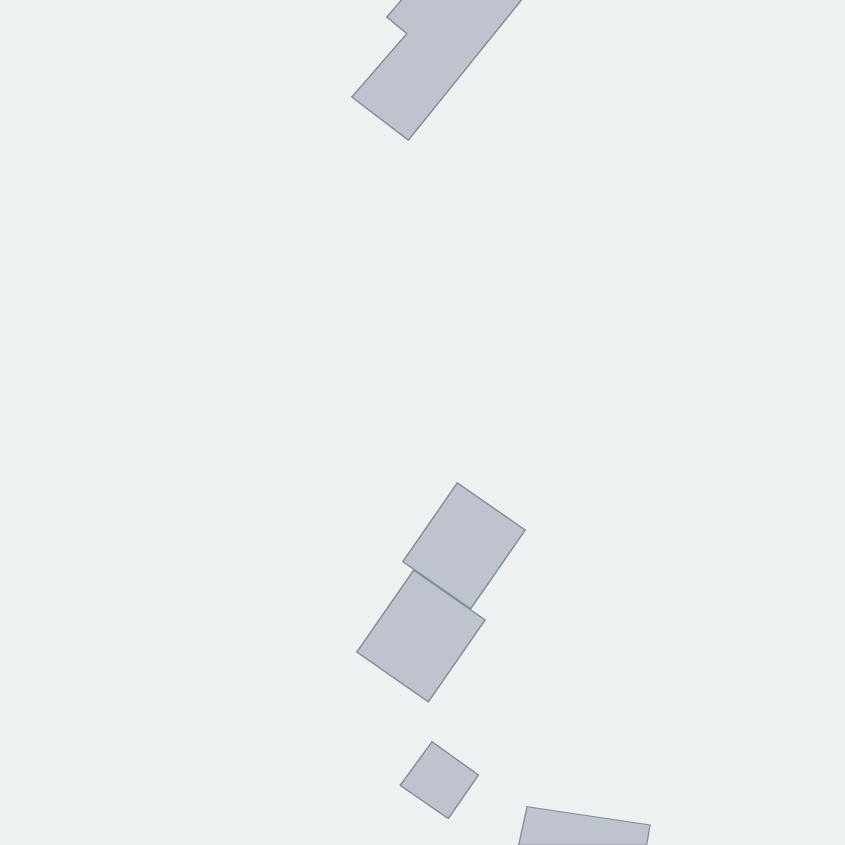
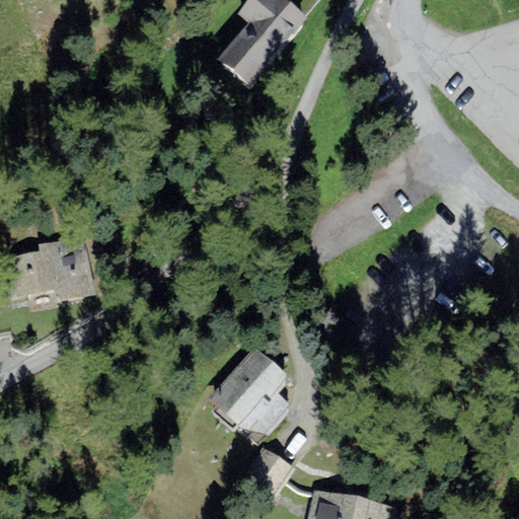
building: none -> [11,249,91,308]
building: [403,483,525,609] -> none

